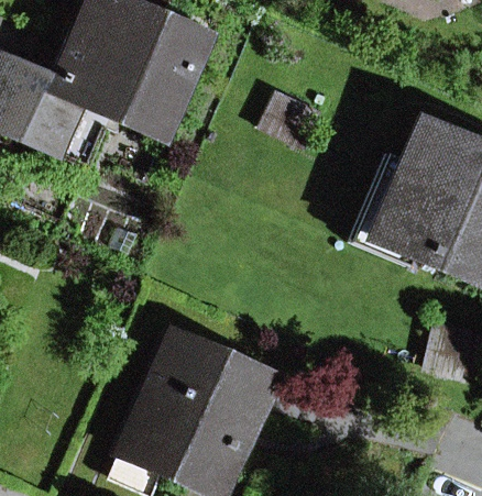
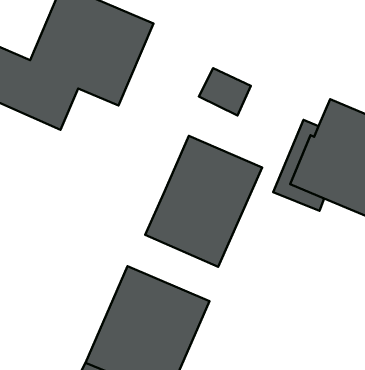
building: none -> [145,136,262,267]

